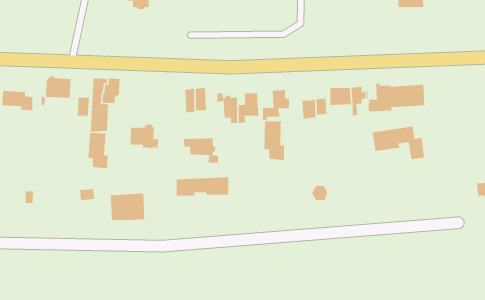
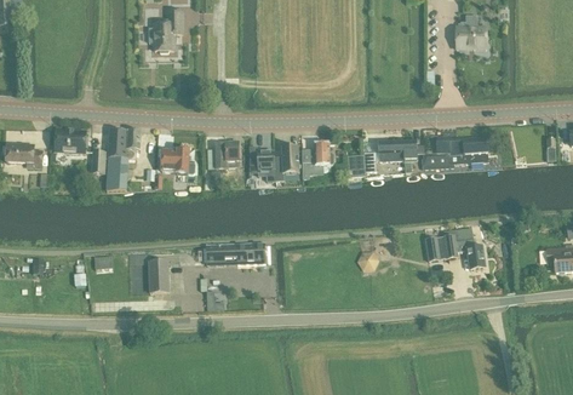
building: [264,120,285,161] -> none
building: [129,124,159,148] -> [160,145,194,173]
building: [372,126,425,160] -> [424,230,485,269]
building: [88,132,108,169] -> none
building: [183,137,219,163] -> none

